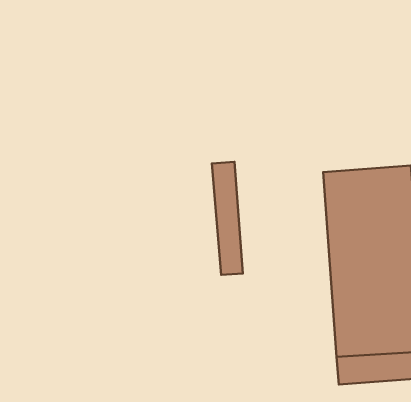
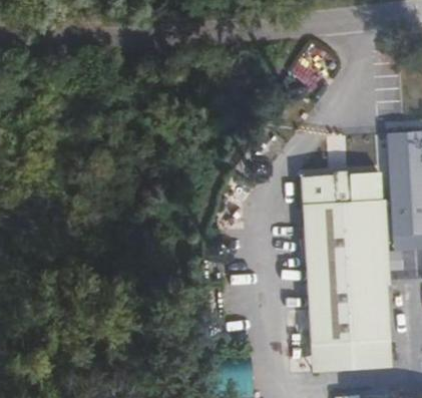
building: [212,162,243,275] -> none

